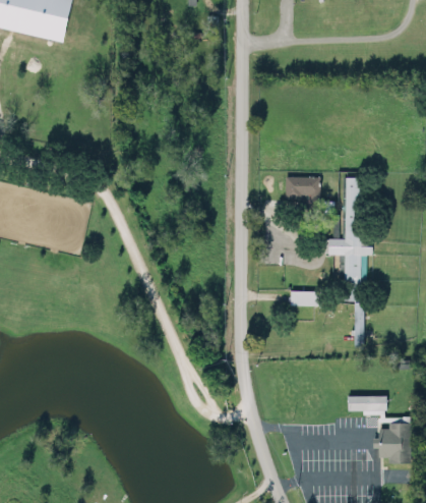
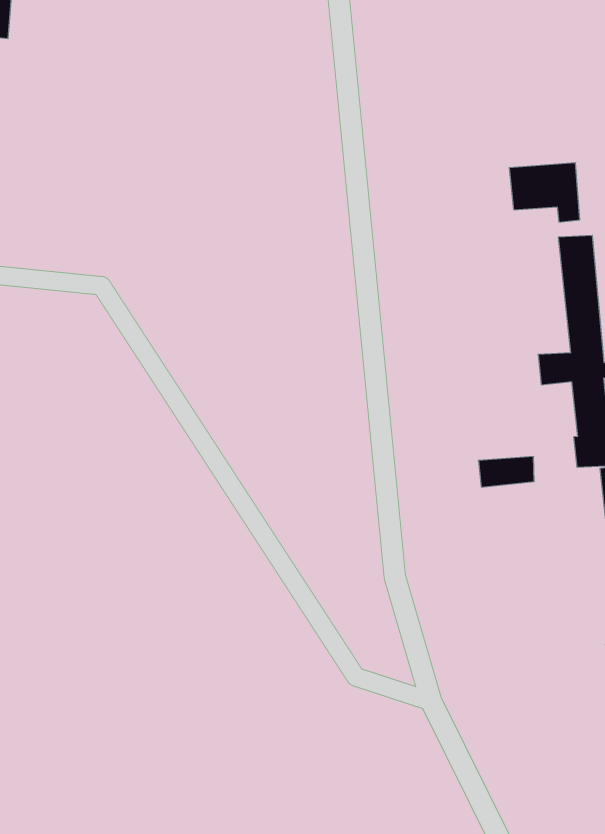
building: [284,175,319,207] -> [509,163,580,222]

